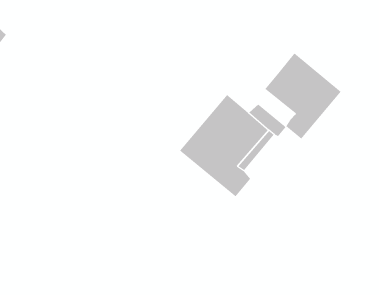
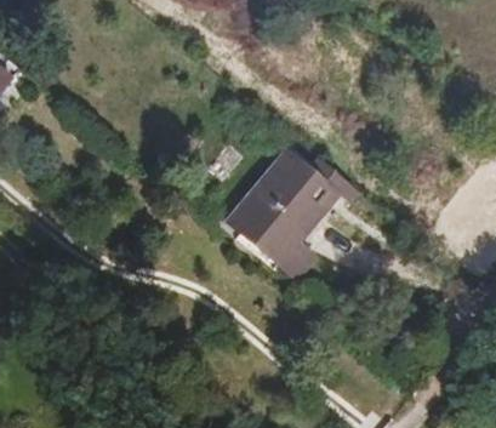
building: [265,53,341,139] -> none

